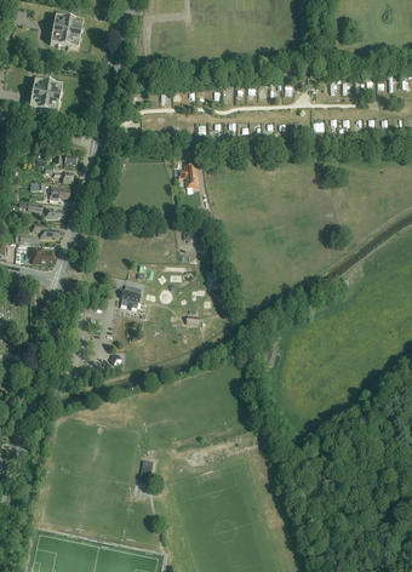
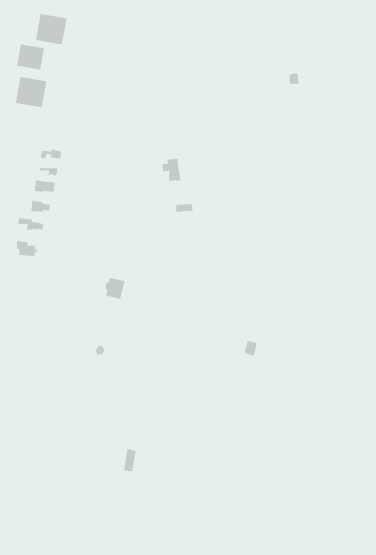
building: none -> [16,44,45,71]

